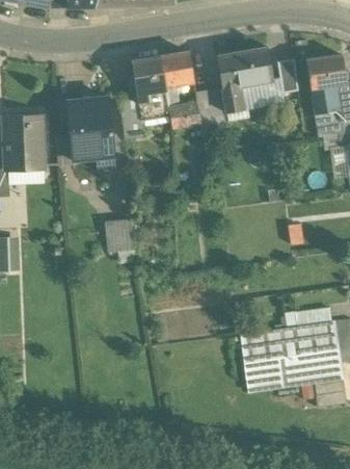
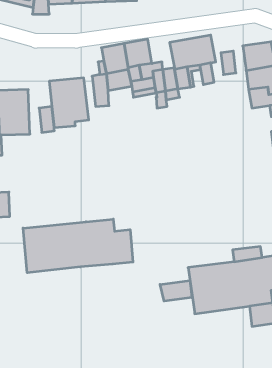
building: [105,218,135,252] -> none
building: none -> [23,219,133,273]
building: none -> [160,280,192,301]

